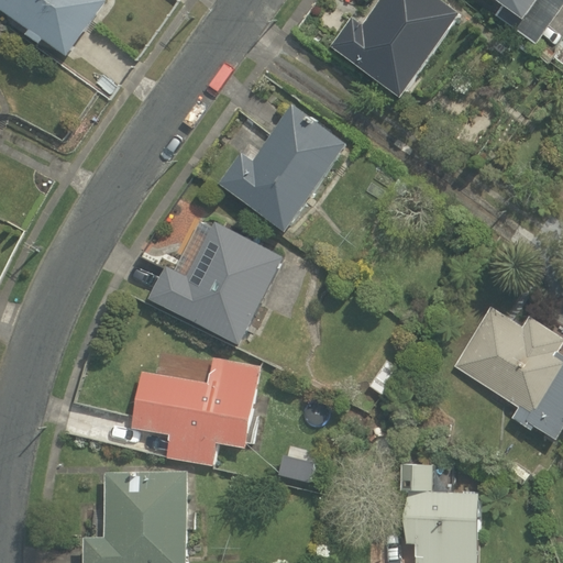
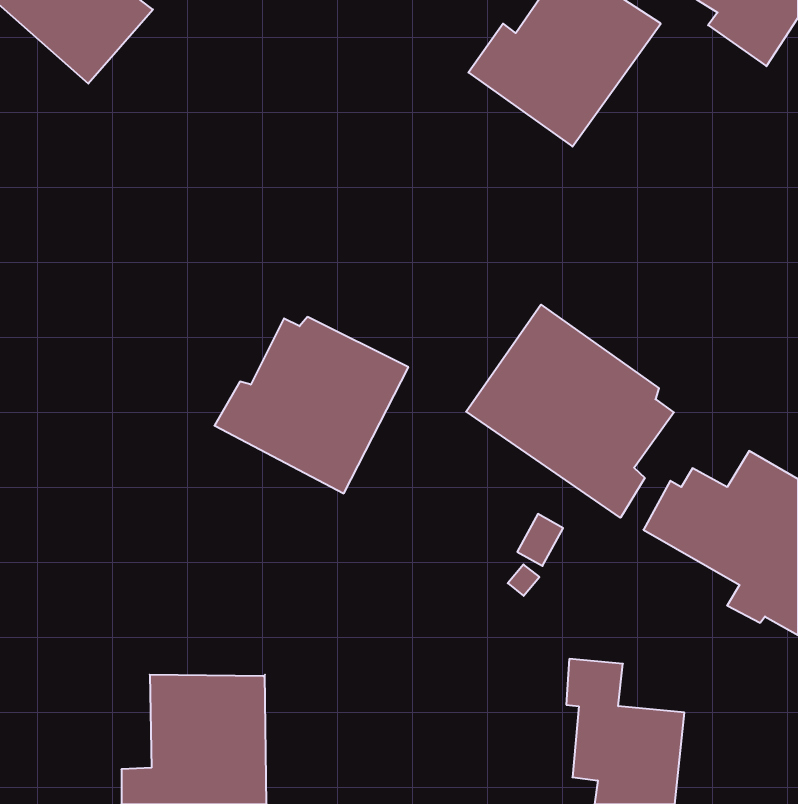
building: [218,104,347,231] -> none
building: none -> [466,305,674,518]
building: [131,356,261,465] -> none

